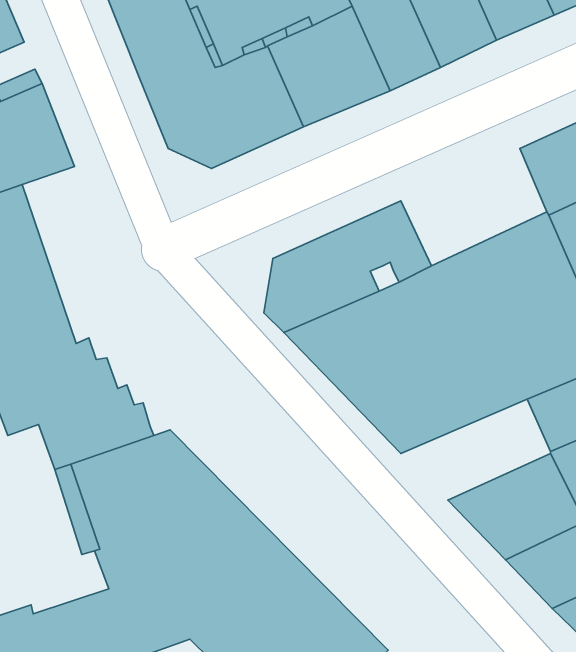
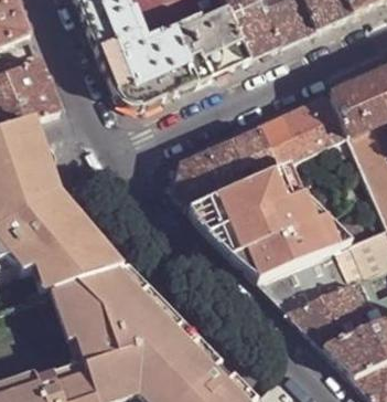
building: none -> [259,92,348,163]
building: none -> [259,245,351,307]

